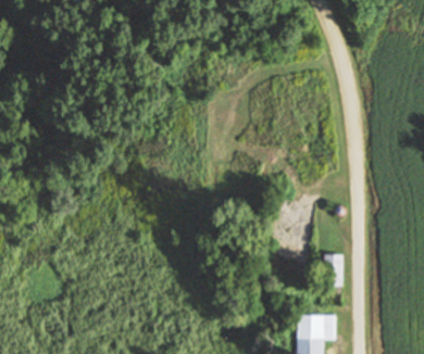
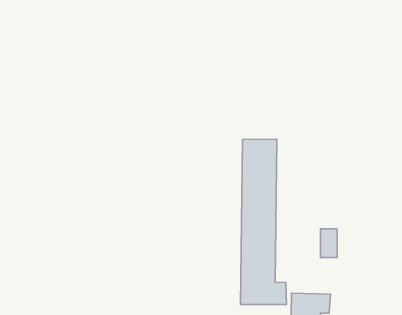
building: none -> [240,139,286,305]

